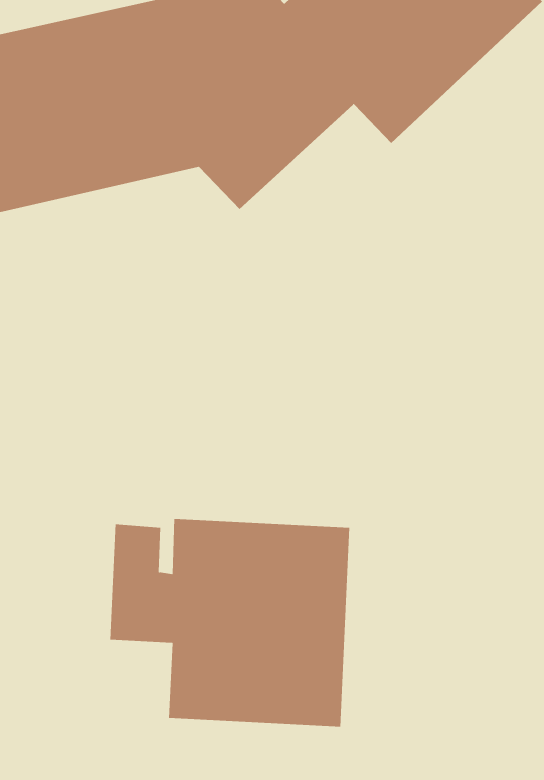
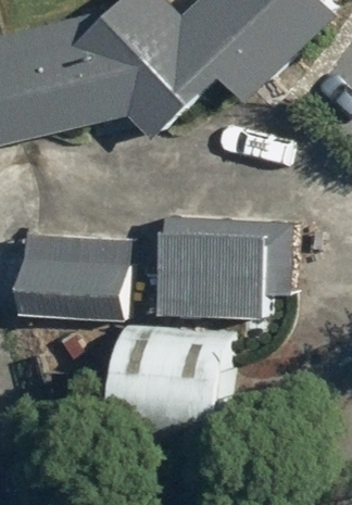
building: none -> [165,217,291,317]
building: none -> [23,235,128,320]

